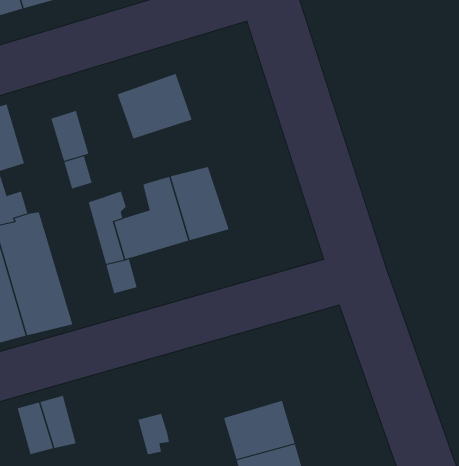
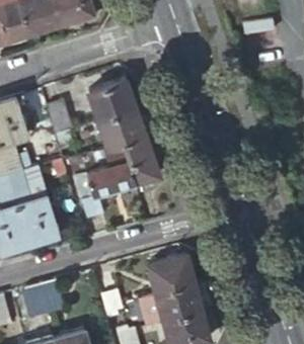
building: none -> [93,109,141,149]
building: none -> [142,256,187,296]

